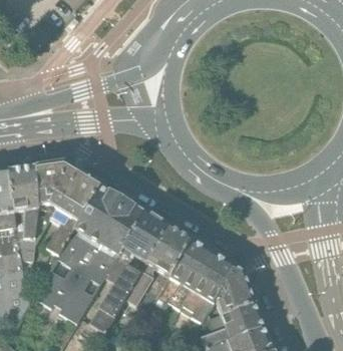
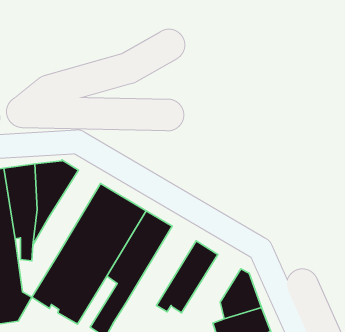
building: [46,169,100,253] -> none
building: [125,224,193,310] -> none
building: [179,251,236,320] -> none

